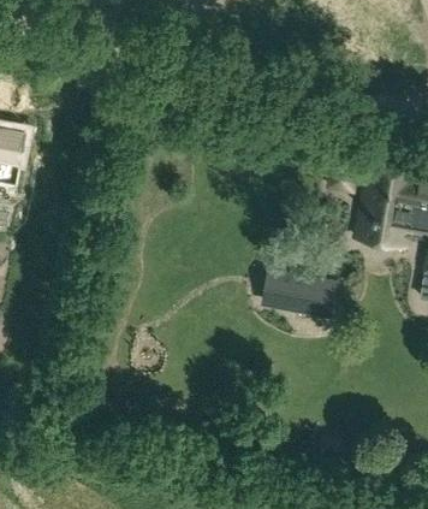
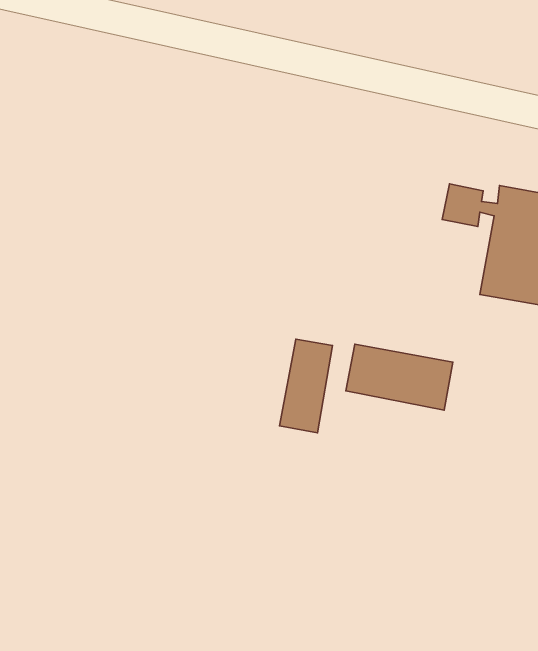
building: none -> [280,339,333,433]

